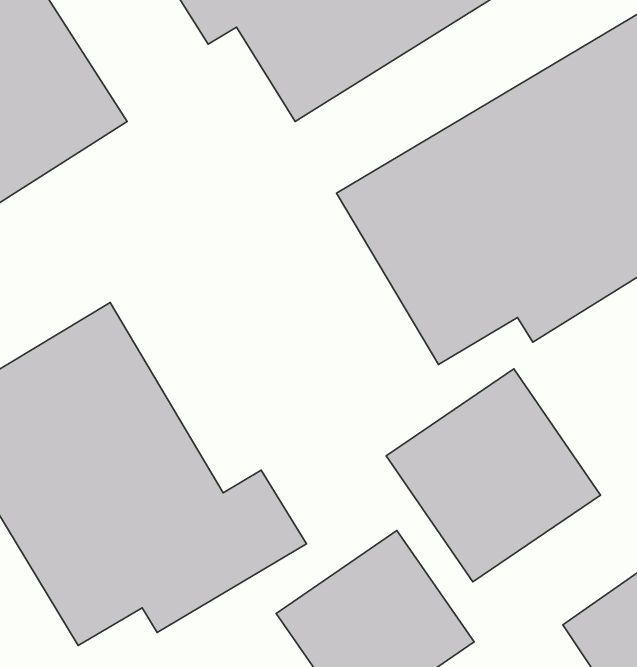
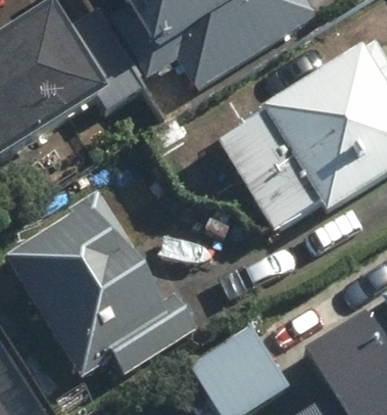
building: [386,369,601,582] -> none

